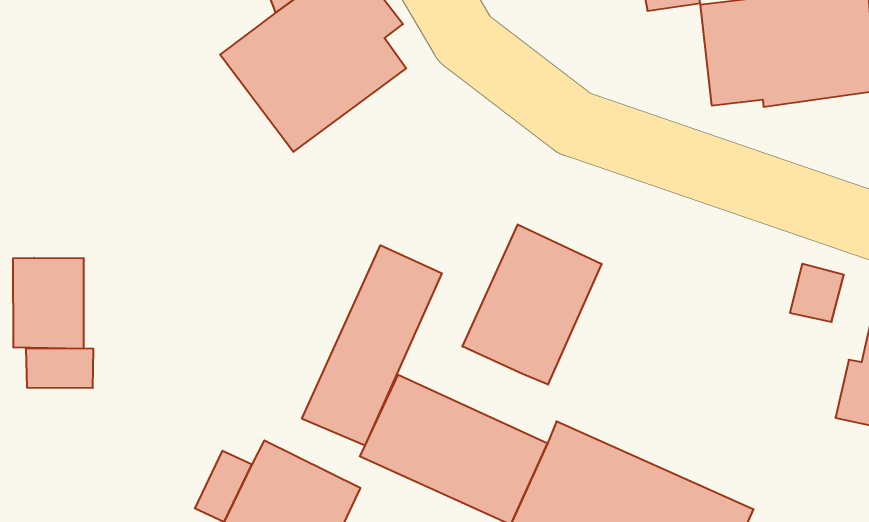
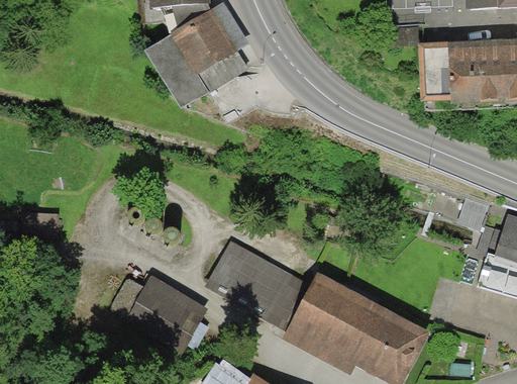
building: [462,224,602,385] -> none
building: [302,245,442,446] -> none
building: [13,258,84,349] -> none

